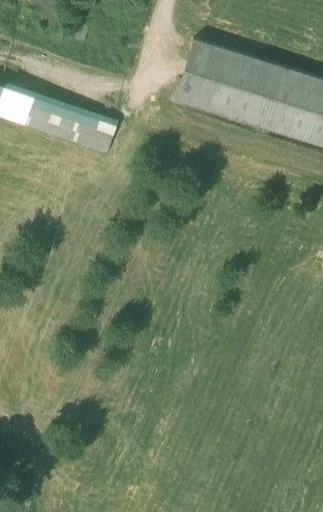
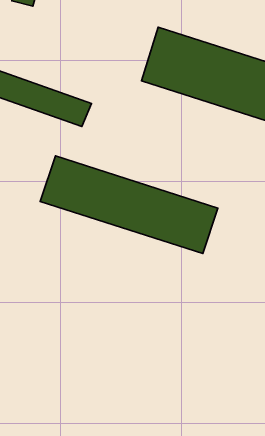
building: none -> [40,156,218,254]

